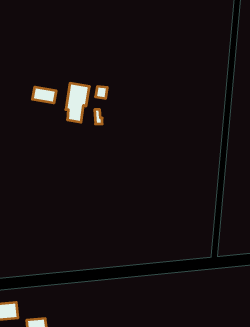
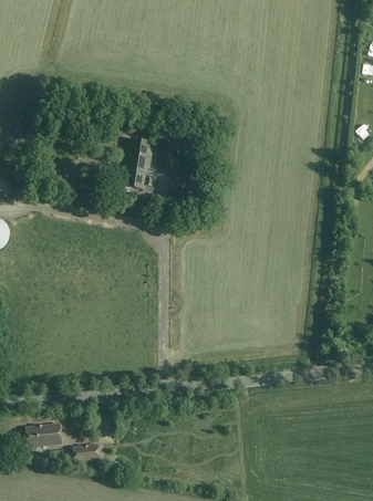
building: [32,87,56,103] -> none

